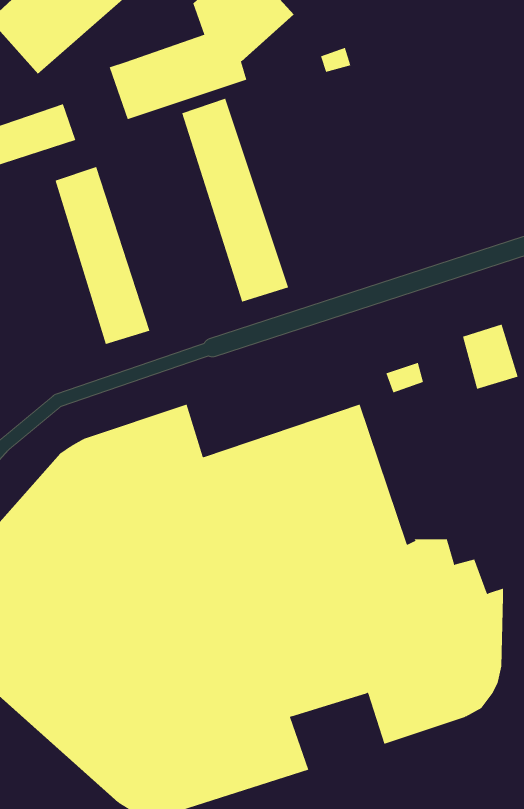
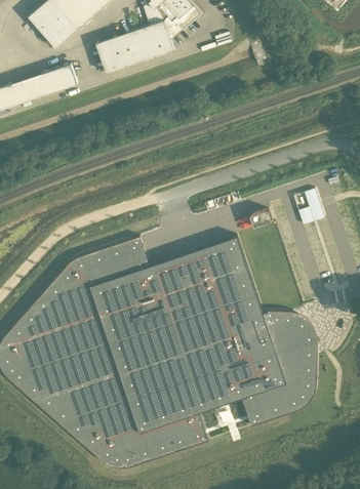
building: [182,98,289,302] -> none
building: [55,166,150,345] -> none

